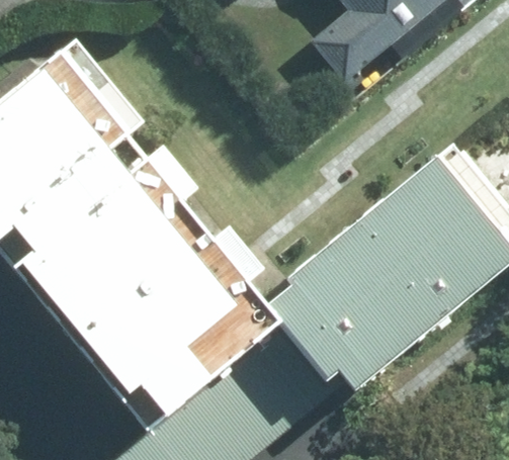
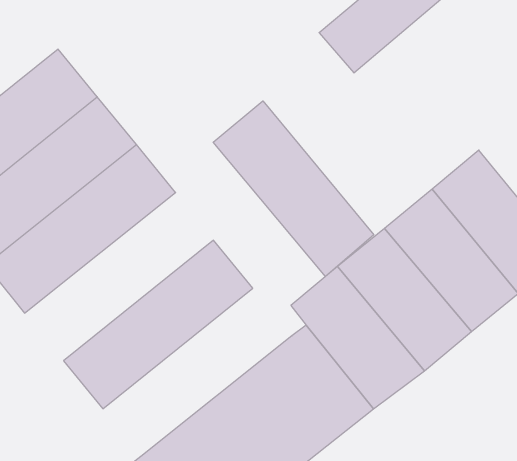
building: none -> [213,101,374,276]
building: [27,187,203,344] -> none
building: [100,276,276,433] -> none

